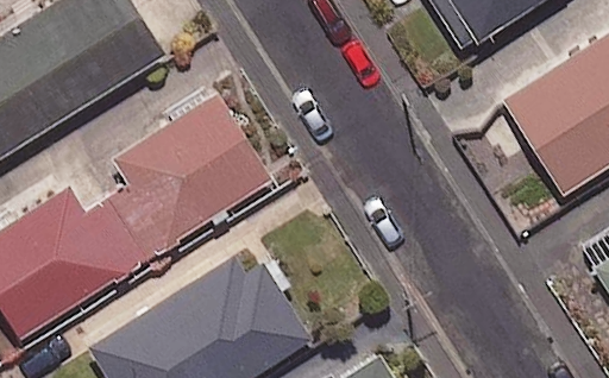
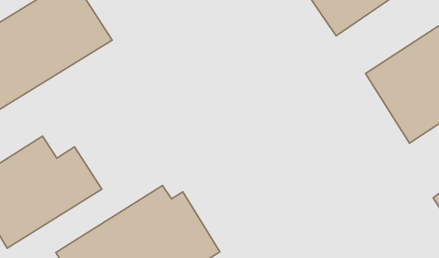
building: [109,95,268,258] -> none

